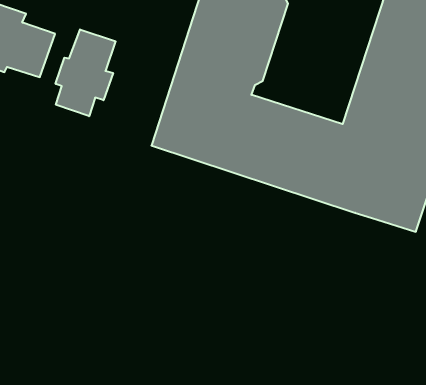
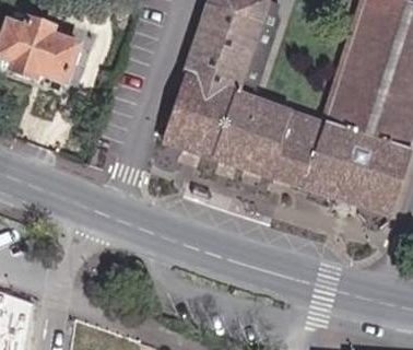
building: [56,29,116,116] -> none

